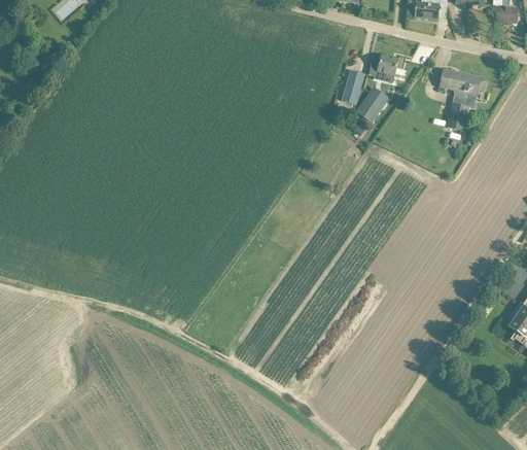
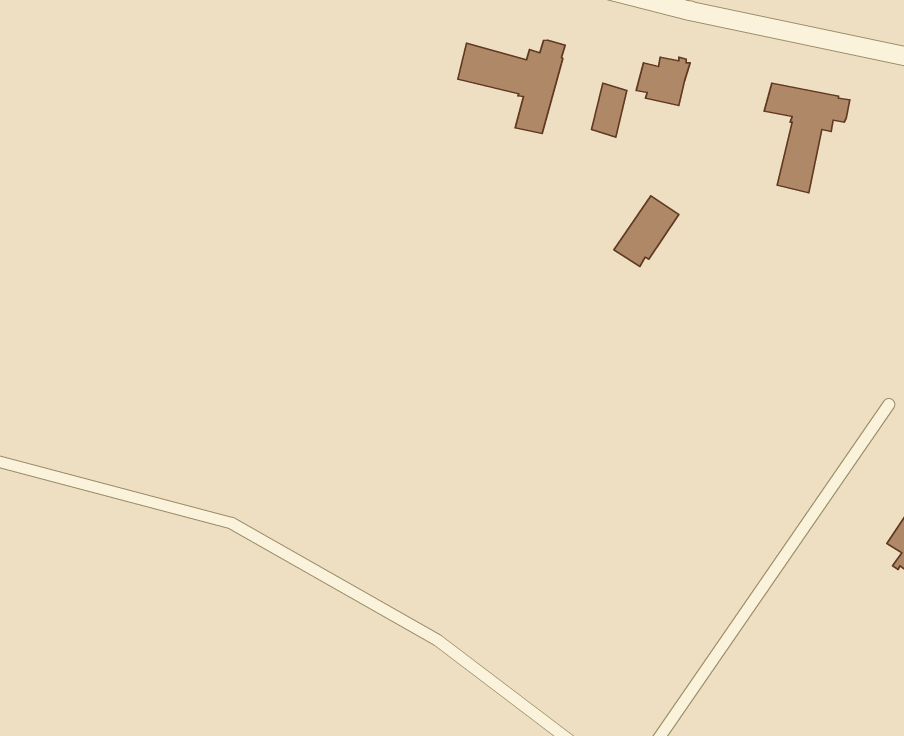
building: none -> [458,40,565,133]
building: [353,86,389,126] -> [614,196,679,267]

